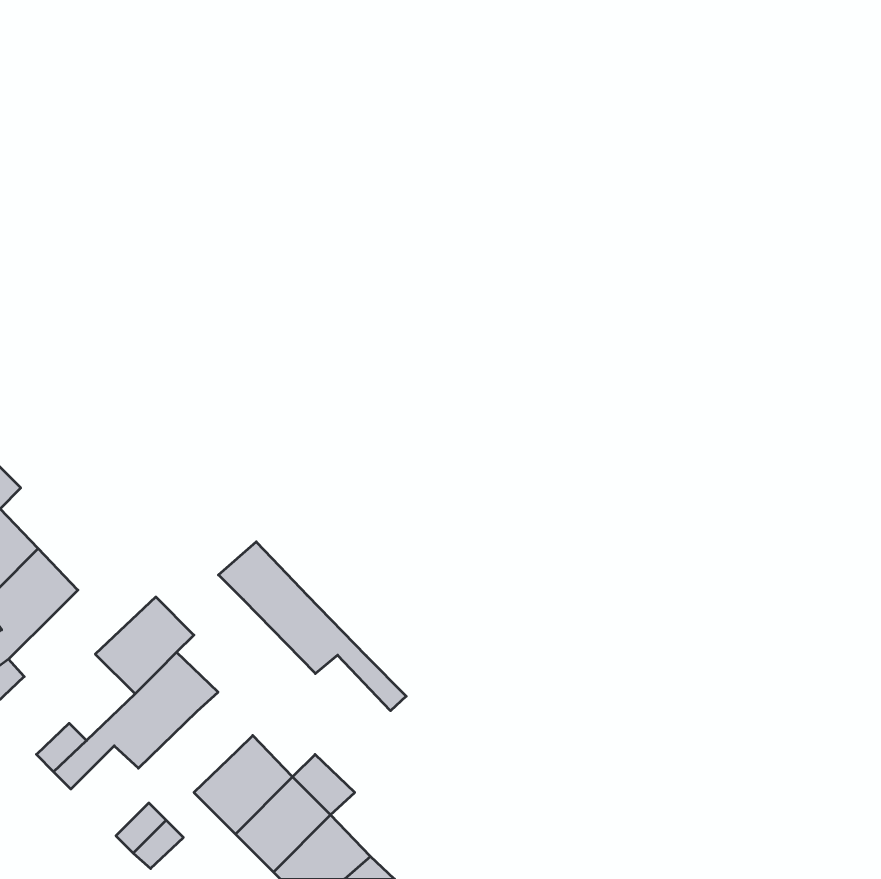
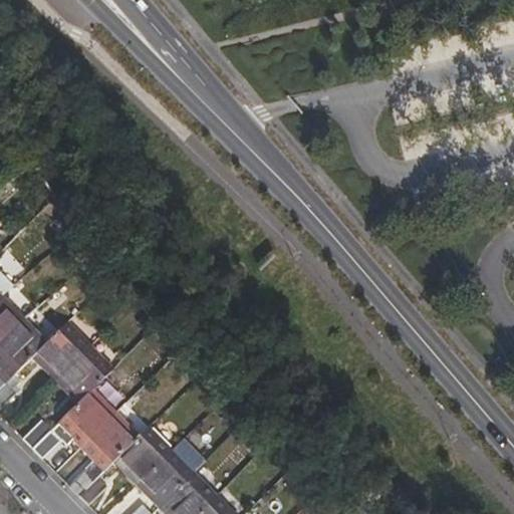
building: [218,542,406,711] -> none
building: none -> [32,321,90,379]
building: none -> [80,413,138,470]

